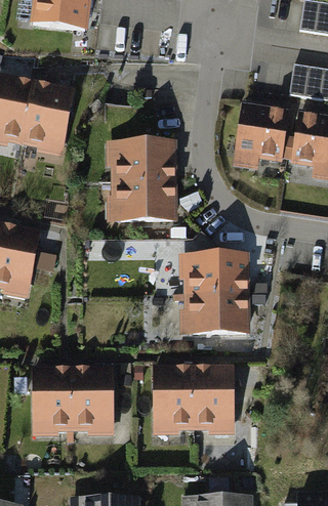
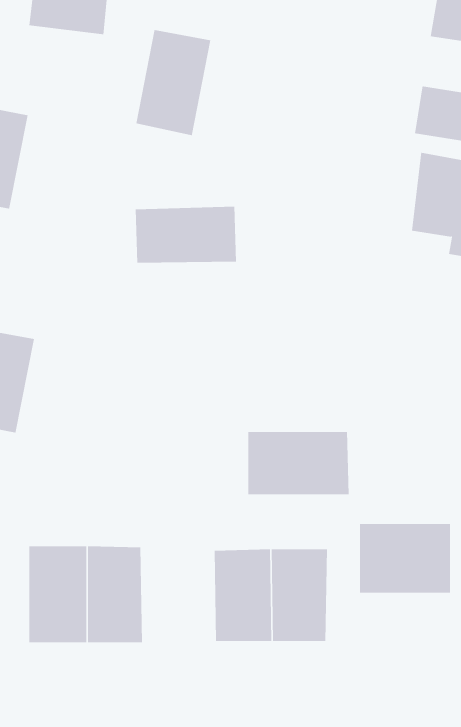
building: [23,82,73,153] -> [135,29,211,136]
building: [231,99,289,167] -> none
building: [107,179,174,221] -> none
building: [179,253,248,292] -> none
building: none -> [360,523,451,593]

